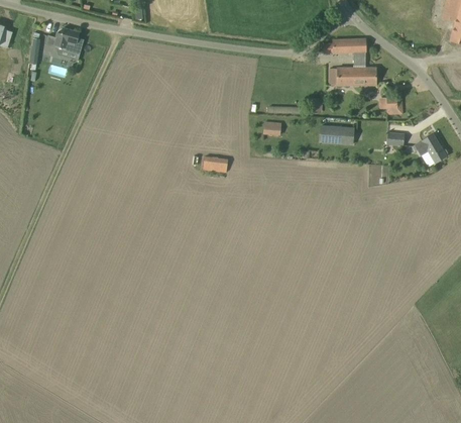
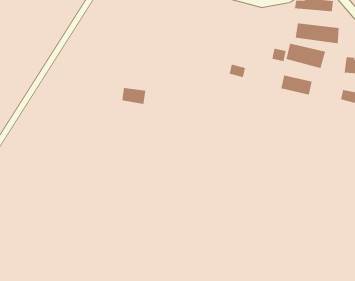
building: none -> [286,43,326,69]
building: [202,156,227,172] -> [121,87,146,104]

